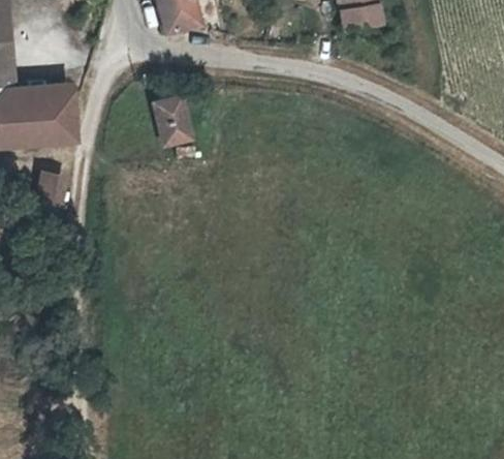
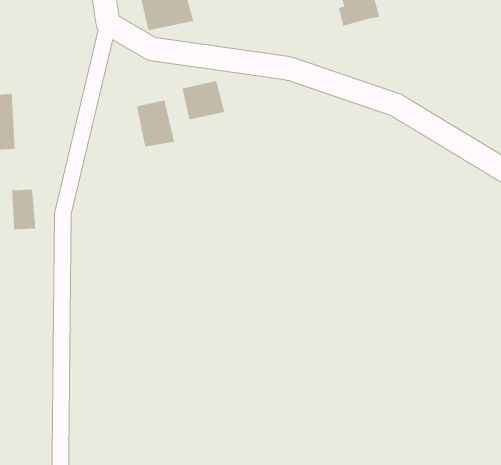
building: none -> [182,80,225,120]
building: [32,87,85,145] -> none

